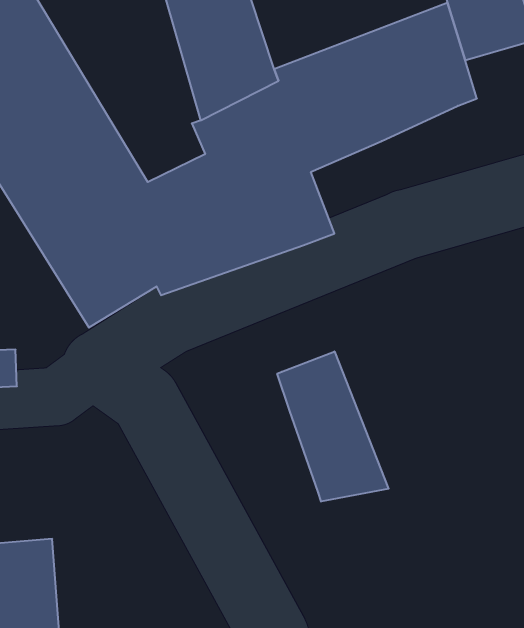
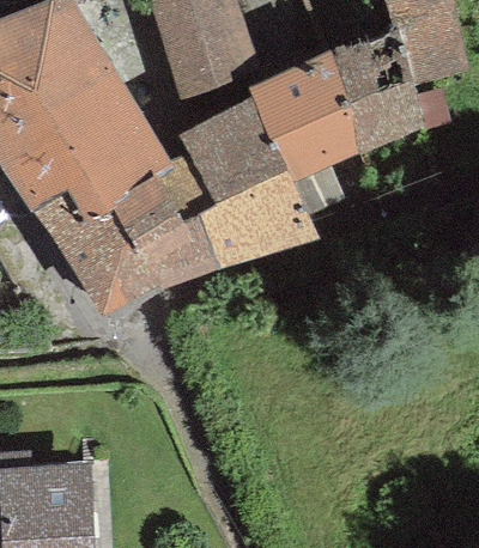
building: [277,351,389,502] -> none

